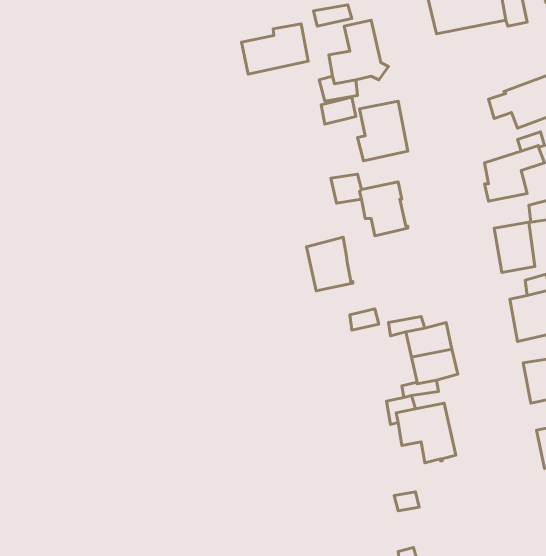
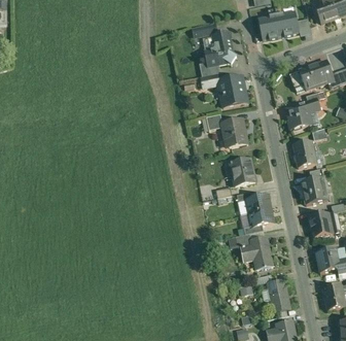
building: [241,24,308,74] -> none
building: [307,237,353,291] -> [231,158,255,186]
building: none -> [268,279,290,311]

